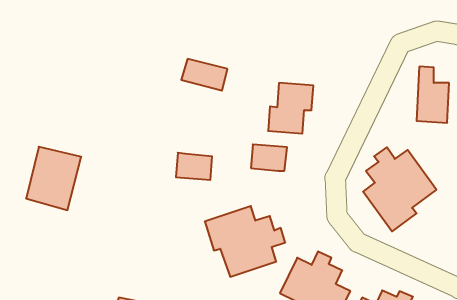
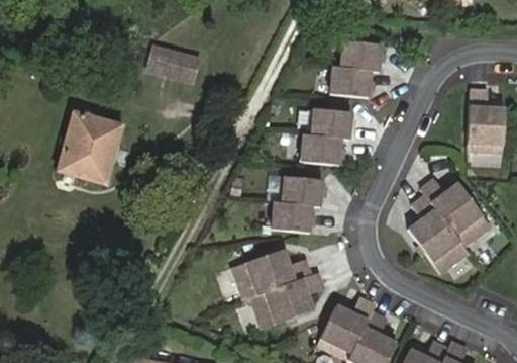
building: none -> [330,41,381,98]
building: [181,59,227,91] -> [144,44,196,80]
building: [26,147,81,210] -> [59,113,120,184]
building: [176,153,212,180] -> [272,203,312,234]

